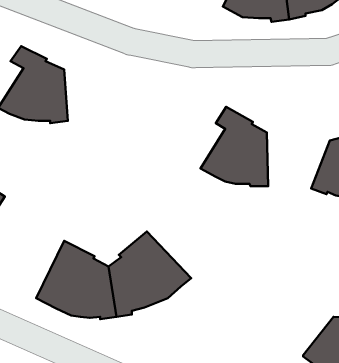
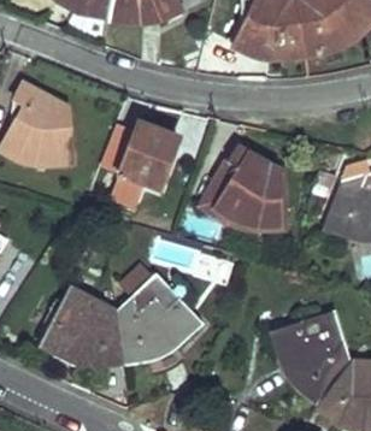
building: none -> [112,122,178,203]
building: none -> [271,311,348,403]

